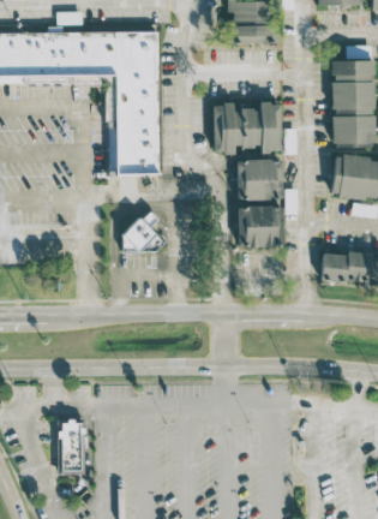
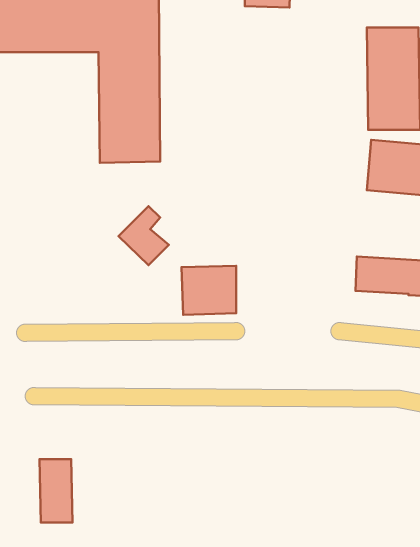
building: [215,102,282,153] -> none
building: [239,159,284,199] -> none
building: [239,205,284,246] -> [182,266,236,315]

